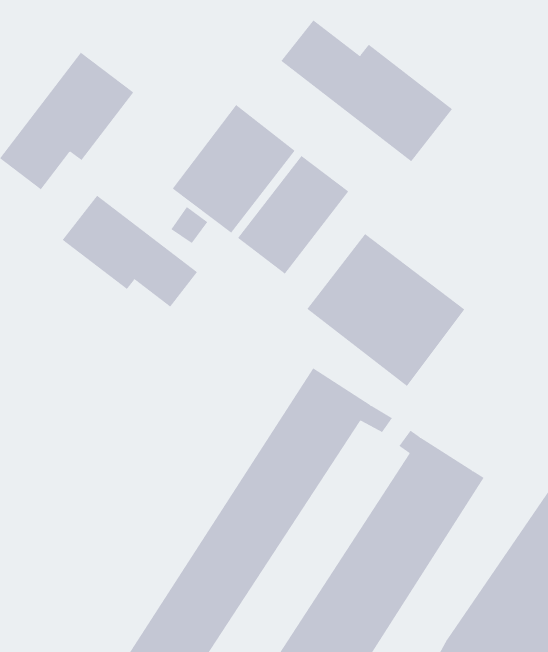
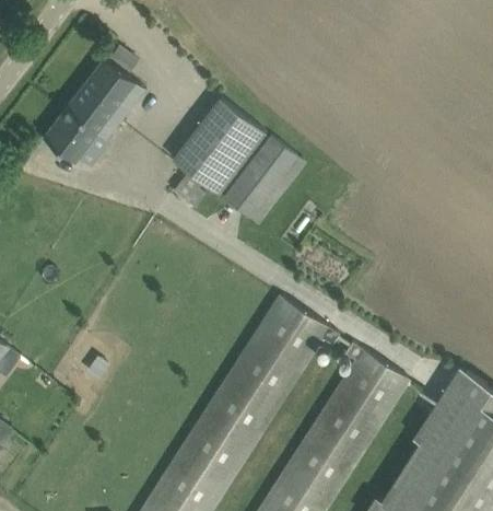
building: [281,19,453,162] -> none
building: [62,195,198,308] -> none
building: [306,233,465,387] -> none

